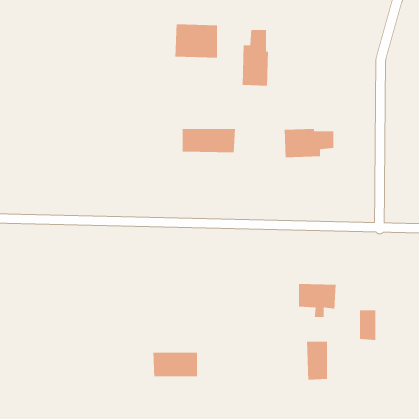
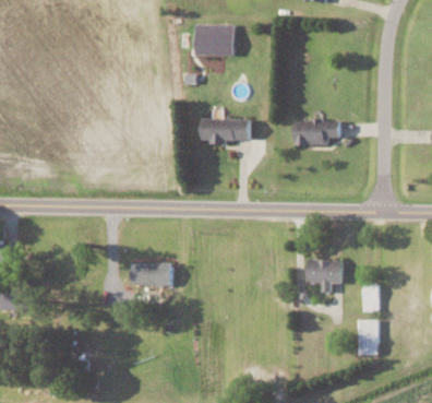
building: [242,29,269,87] -> none
building: [306,341,328,381] -> [359,320,379,356]
building: [152,352,198,377] -> [131,263,172,286]

